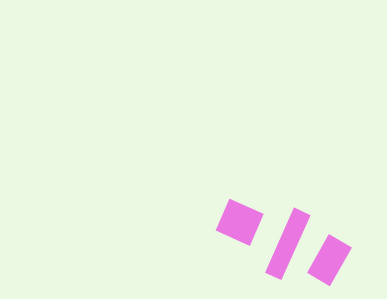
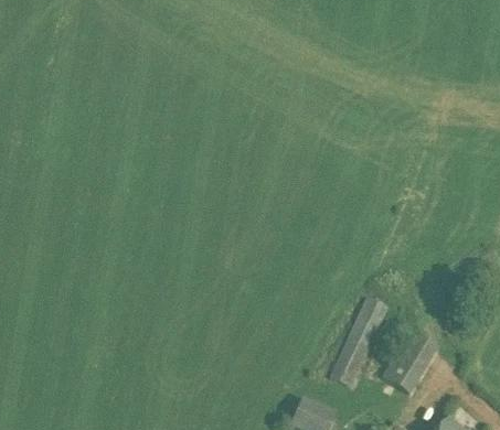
building: [215,198,265,247] -> none

